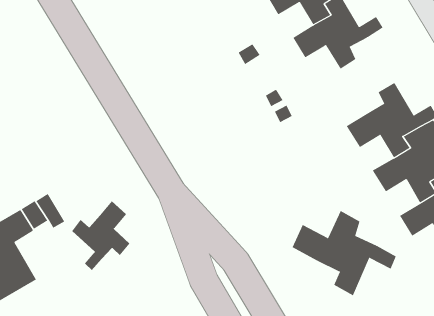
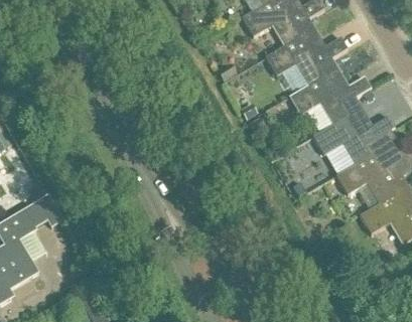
building: none -> [288,57,371,125]
building: [71,201,130,271] -> none
building: [292,210,397,296] -> none

